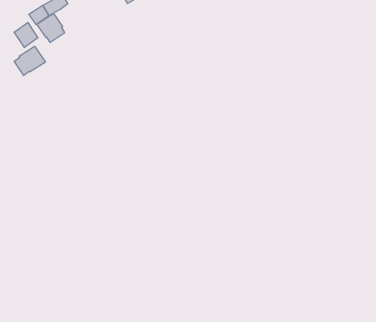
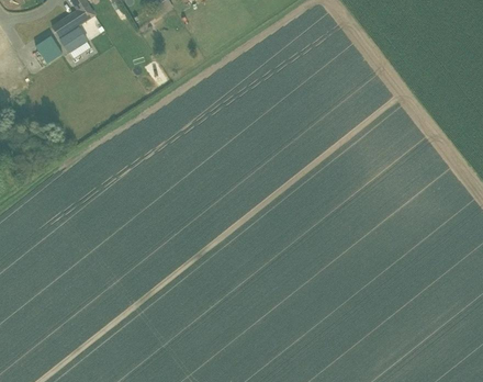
building: [14,46,45,76] -> none

